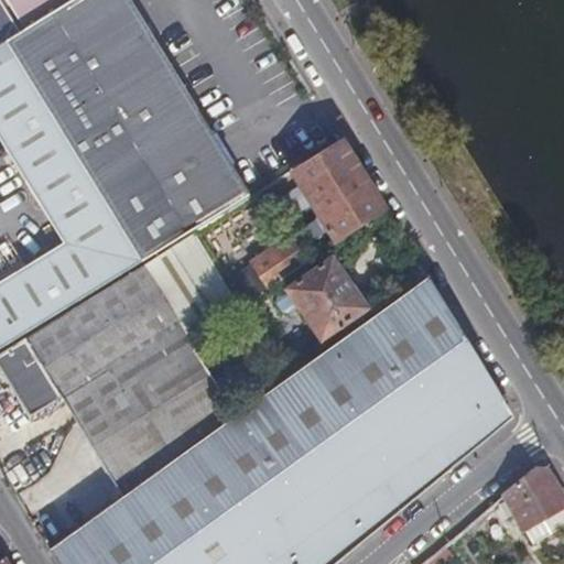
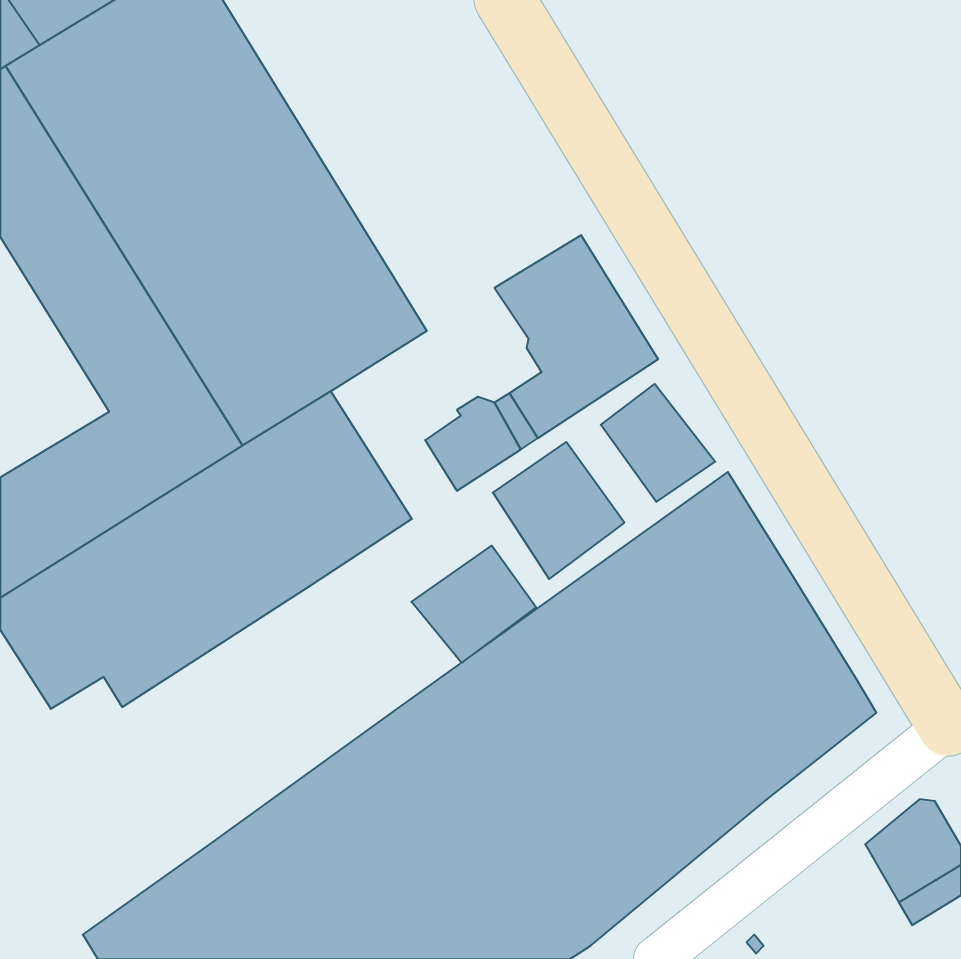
building: none -> [601,384,715,502]
building: none -> [411,546,536,663]
building: [72,344,232,496] -> none

